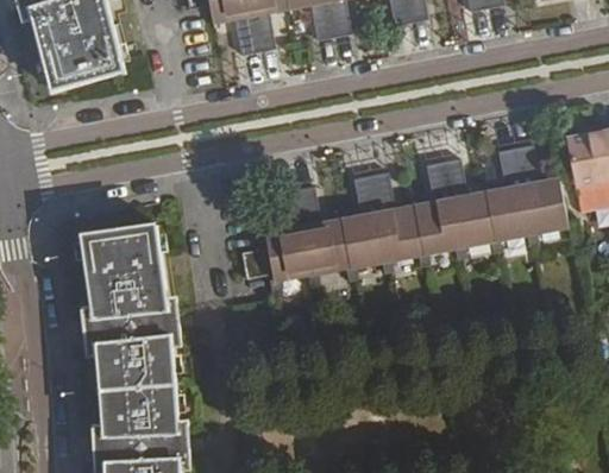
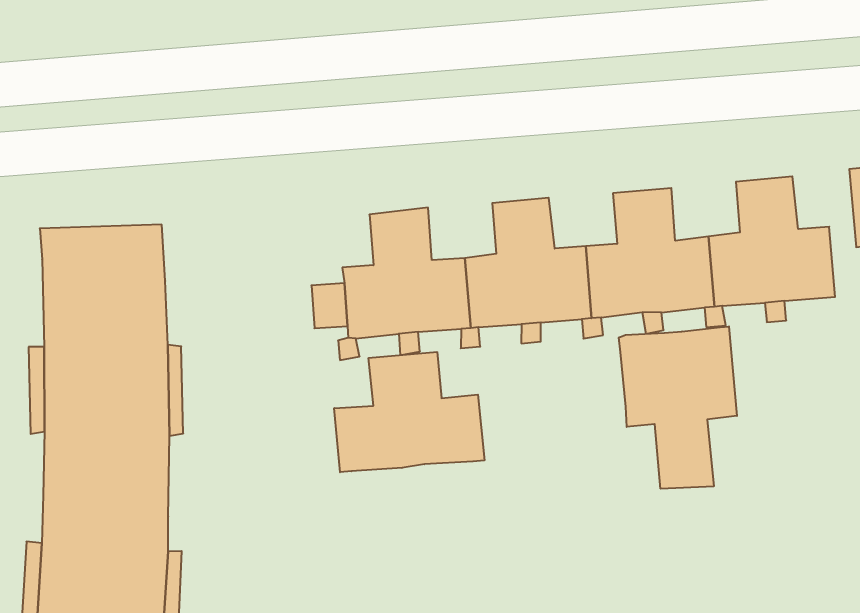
building: none -> [619,326,737,489]
building: none -> [334,352,484,472]

